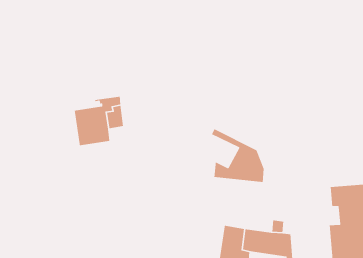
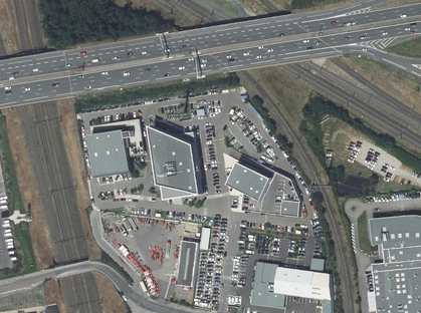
building: none -> [154,125,205,199]
building: none -> [229,162,271,199]
building: none -> [176,240,198,286]

